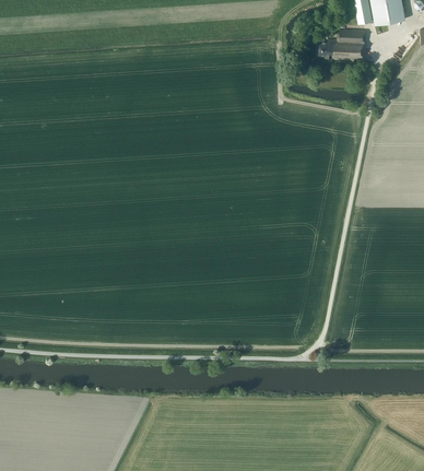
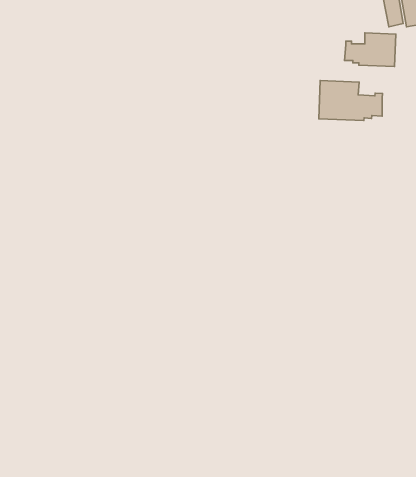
building: none -> [319,81,383,121]

